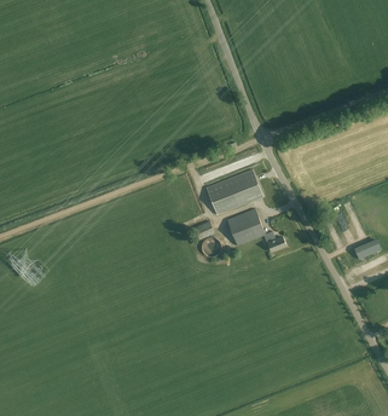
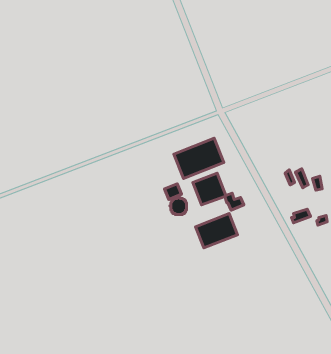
building: none -> [195,214,237,248]

